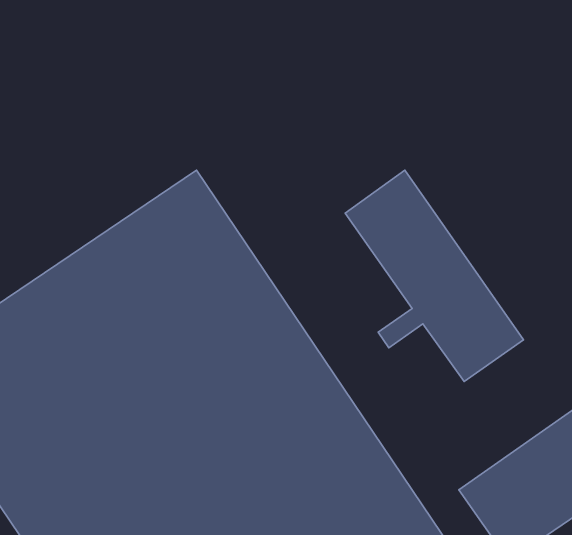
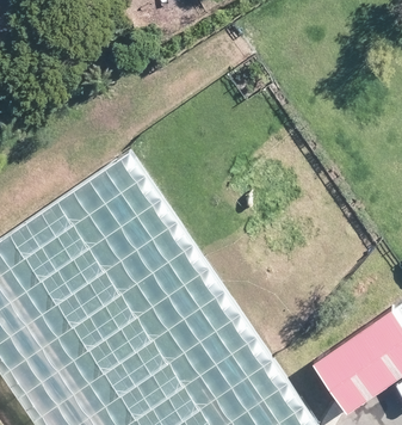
building: [345,170,524,382] -> none

